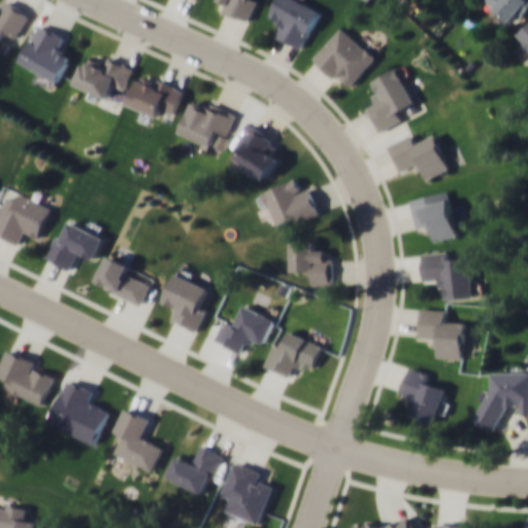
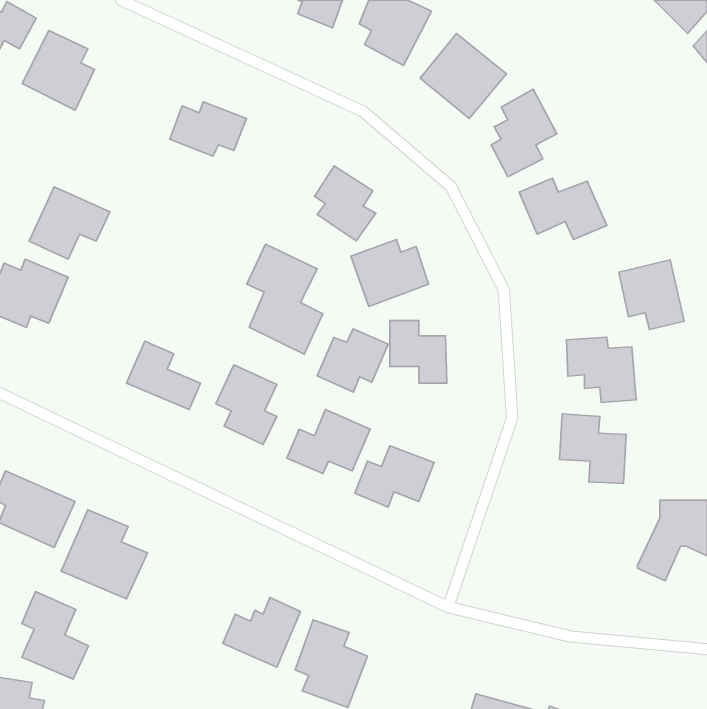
building: [72,58,133,100] -> none
building: [176,99,234,146] -> none
building: none -> [247,244,323,354]
building: [408,191,457,242] -> [619,260,684,329]
building: [43,219,103,272] -> [29,187,110,259]
building: none -> [317,329,388,392]
building: [398,367,449,425] -> none
building: [112,407,162,472] -> [22,592,89,679]

